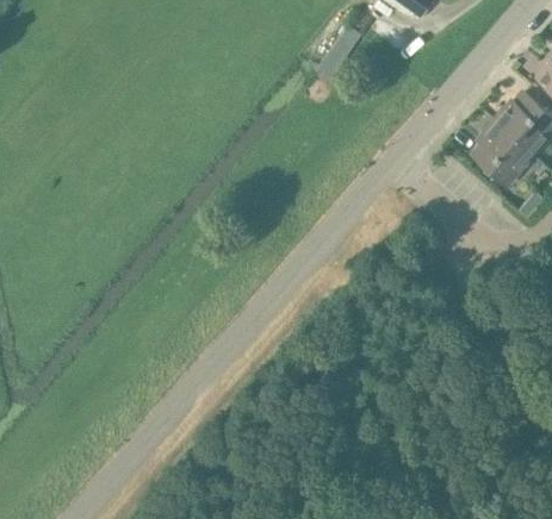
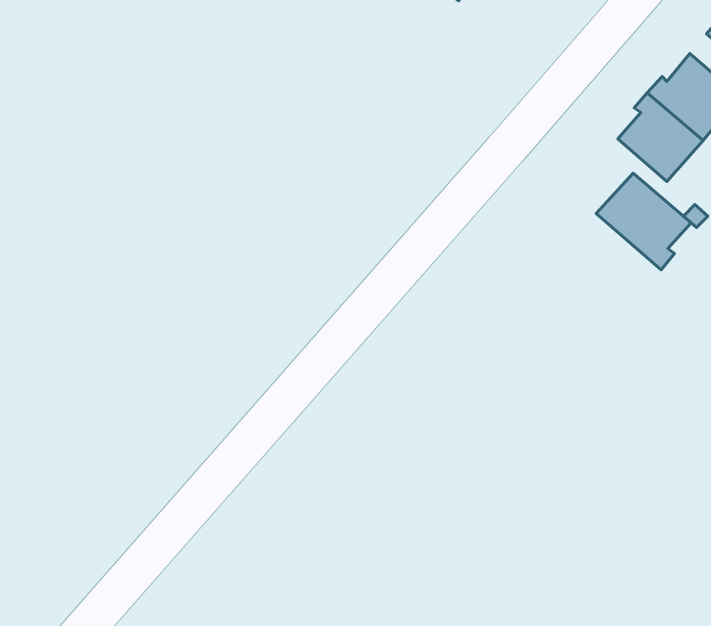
building: none -> [596,173,691,270]

